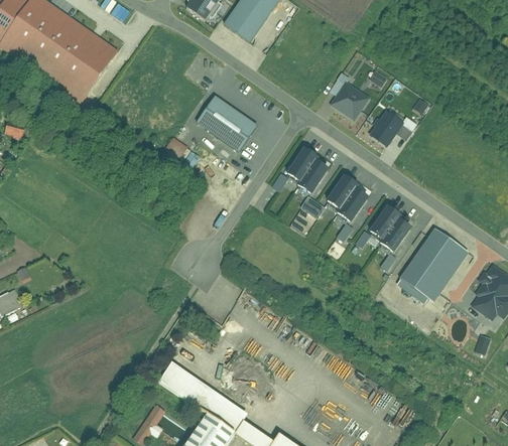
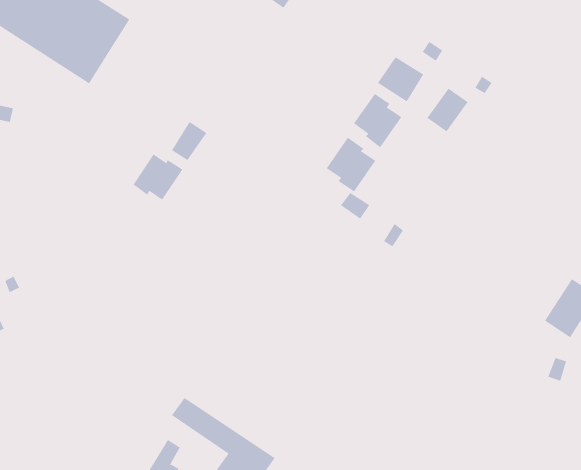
building: [197,96,257,151] -> none
building: none -> [133,154,183,201]
building: [327,177,368,224] -> [353,93,402,148]
building: [369,207,411,253] -> none
building: [399,227,468,300] -> none

